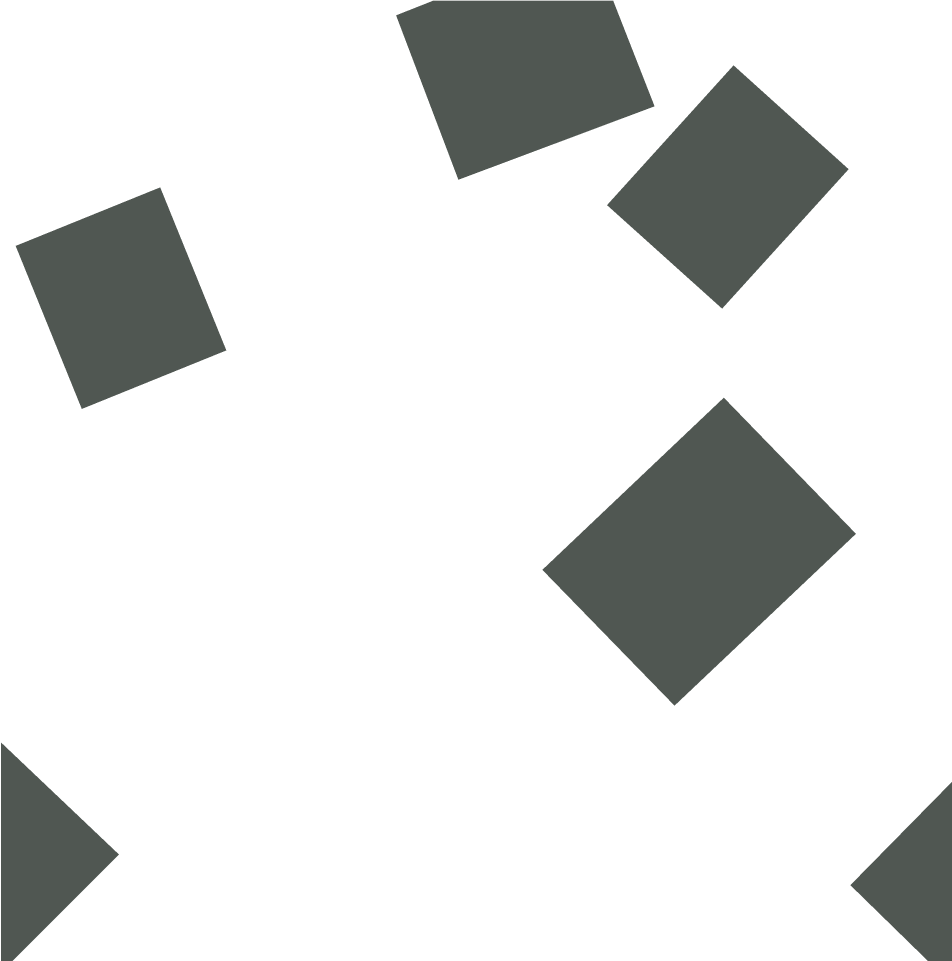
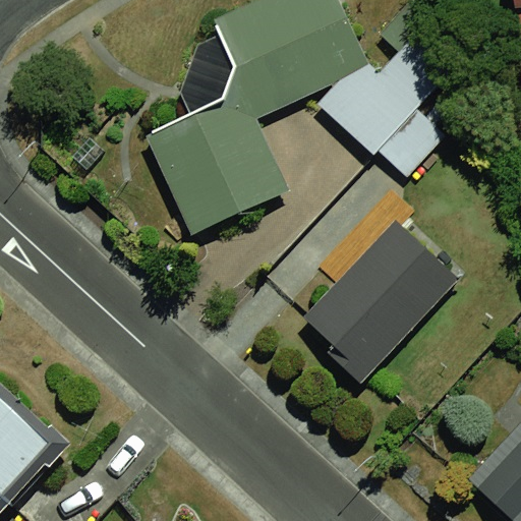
building: none -> [137,94,276,234]
building: [15,187,227,410] -> none

